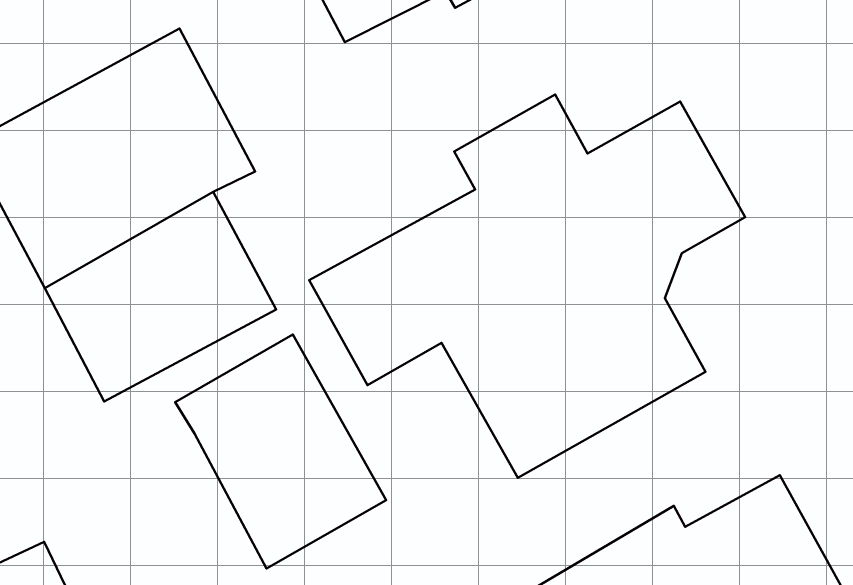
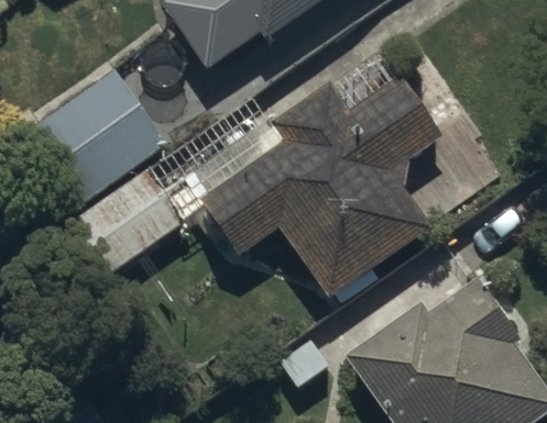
building: [175,335,386,568] -> none

